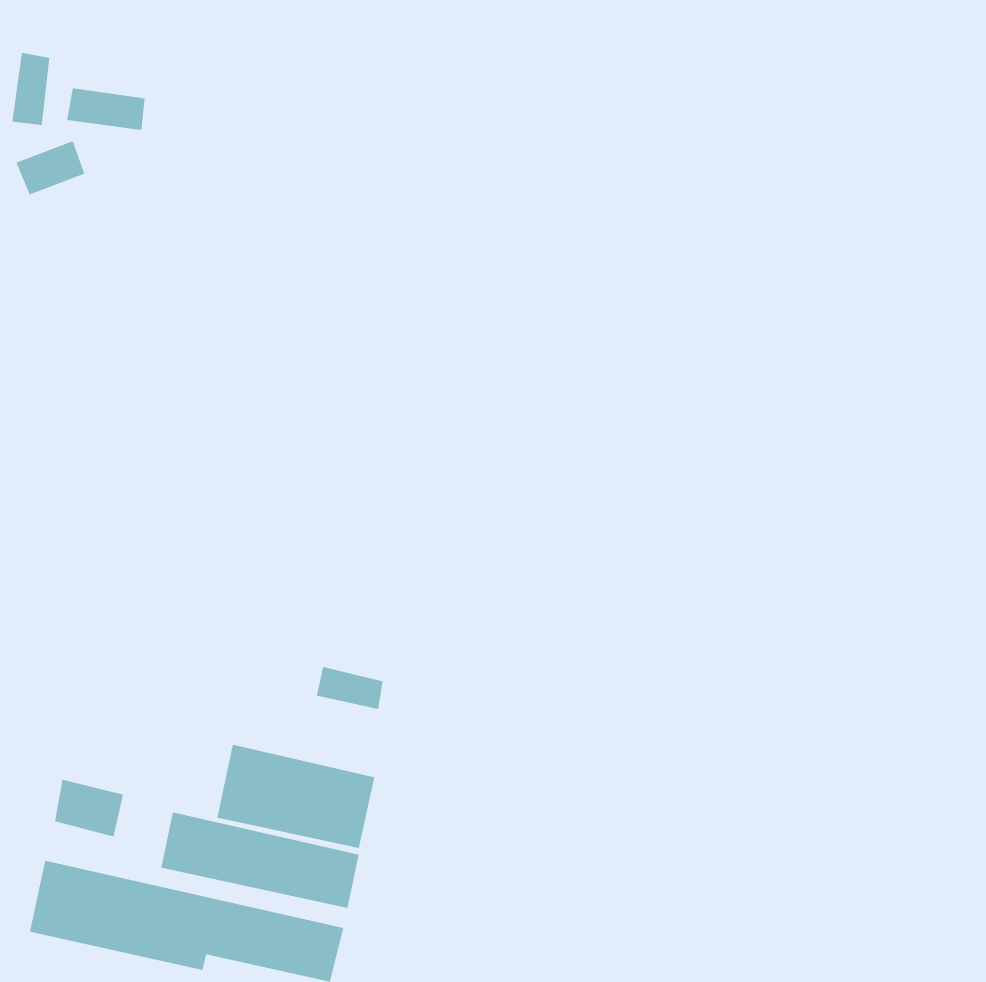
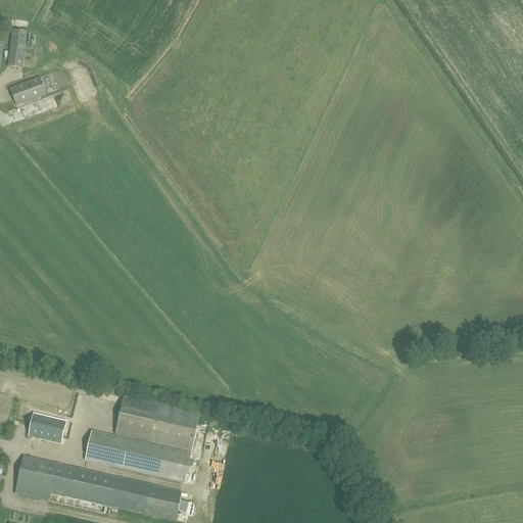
building: [67,88,145,130] -> none
building: [316,666,383,710] -> none

